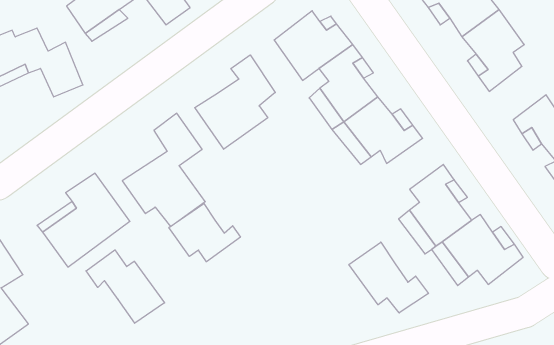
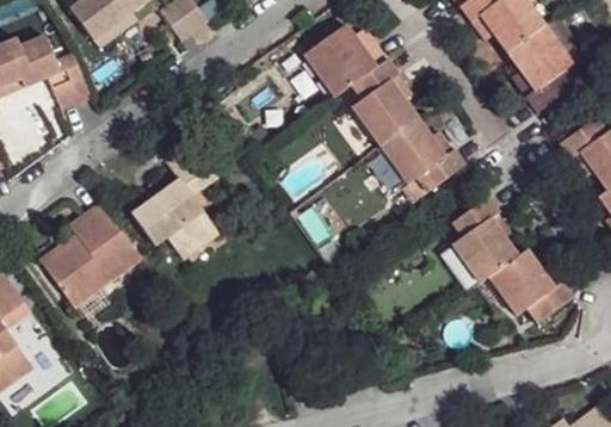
building: [195,55,275,149] -> none
building: [169,204,240,262] -> none
building: [349,242,428,313] -> none
building: [86,250,165,323] -> none

